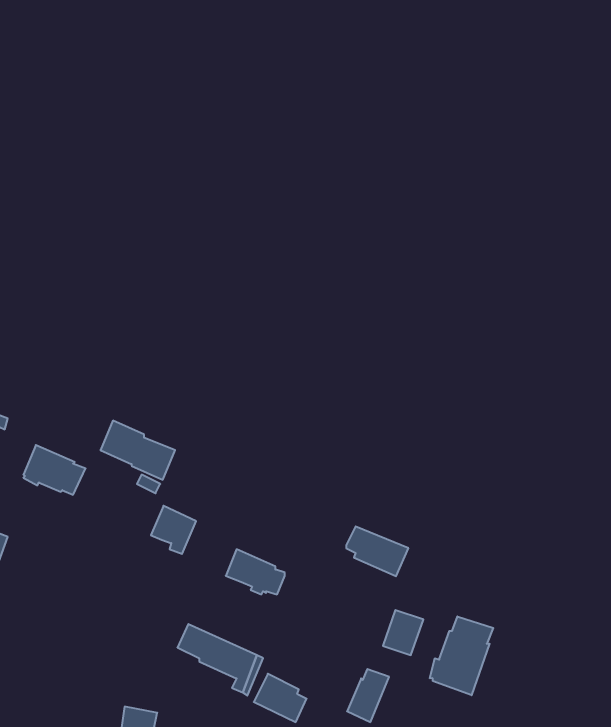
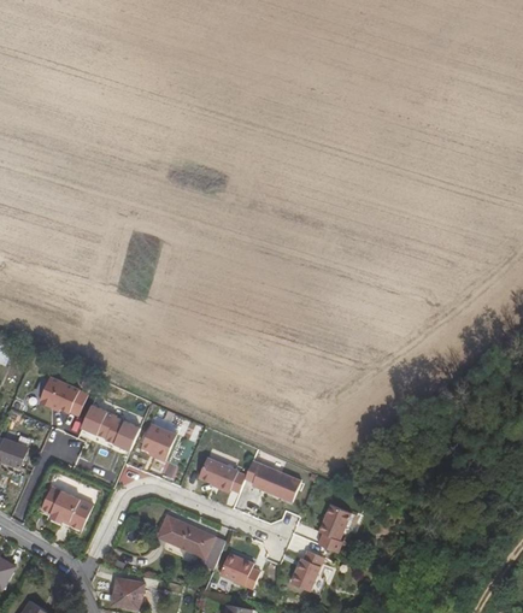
building: [100,421,175,480] -> [80,403,137,449]
building: [346,526,408,576] -> [242,461,290,500]
building: none -> [40,487,92,527]
building: [430,616,493,695] -> none

